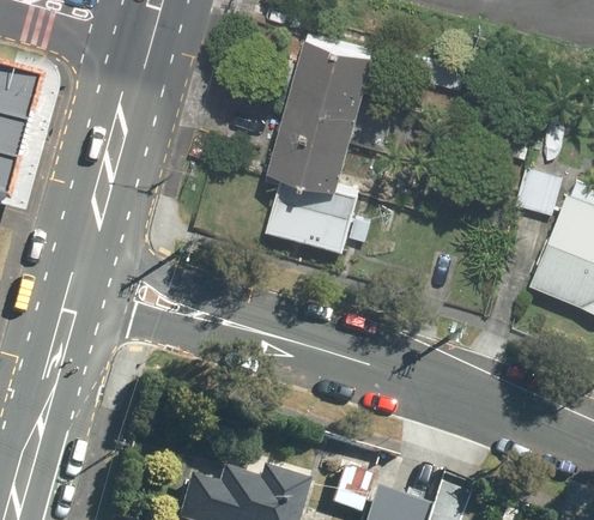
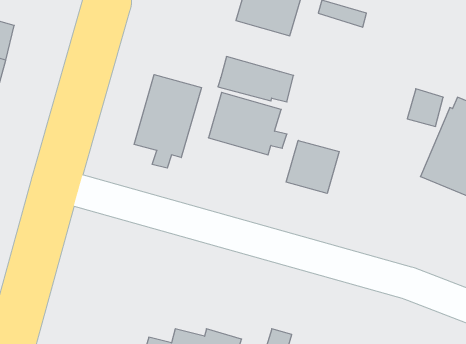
building: [287,78,368,143] -> none
building: none -> [134,75,201,168]
building: none -> [286,140,339,193]

